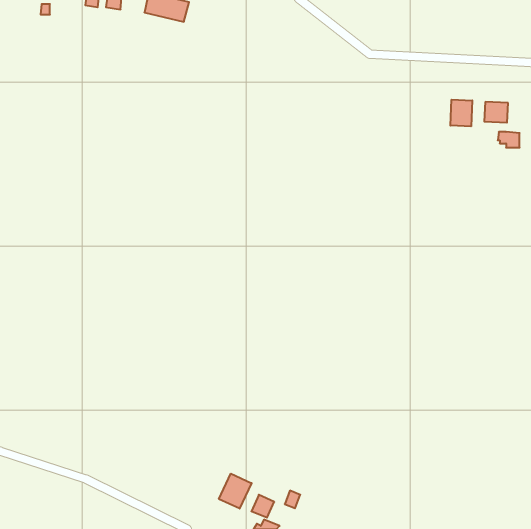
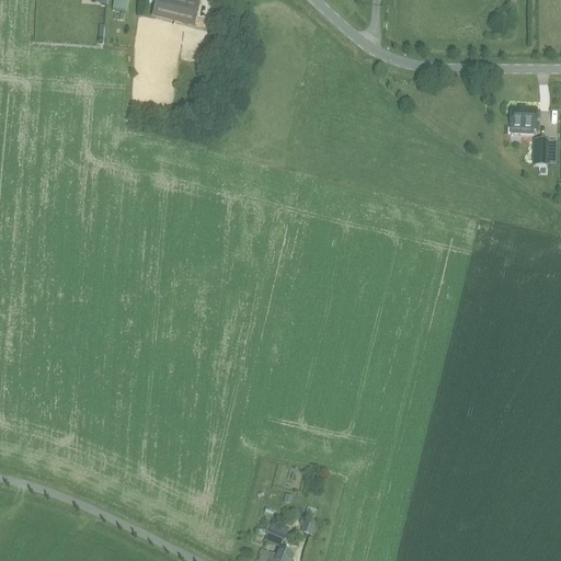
building: [450,100,472,126] -> none
building: [219,474,252,509] -> none

